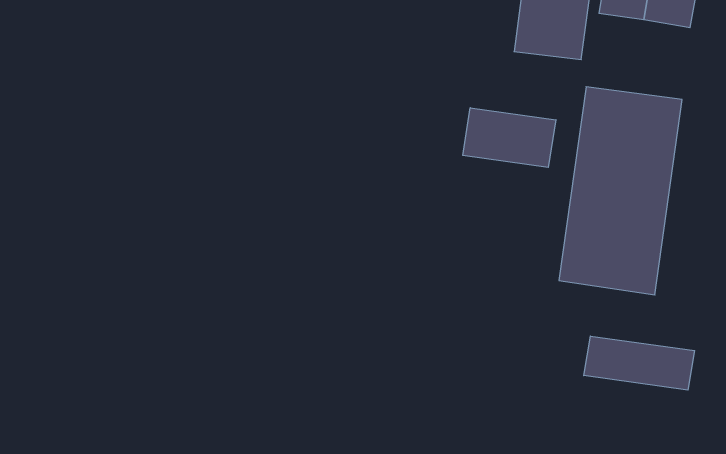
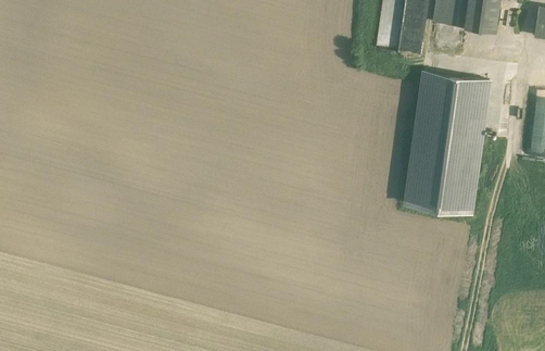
building: [463,108,556,167] -> none
building: [584,336,695,390] -> none

